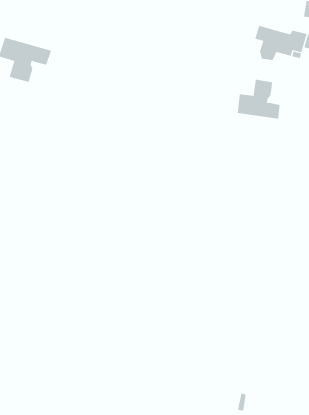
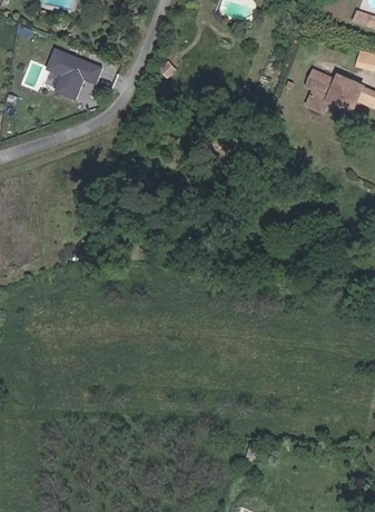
building: [237,79,280,120] -> none

